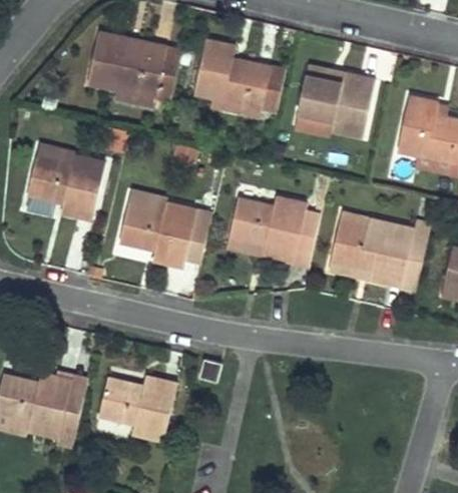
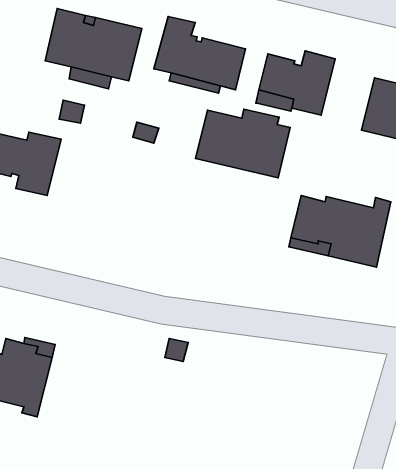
building: [222,195,317,264] -> [196,109,290,178]
building: [118,200,209,266] -> none
building: [102,378,180,443] -> none

